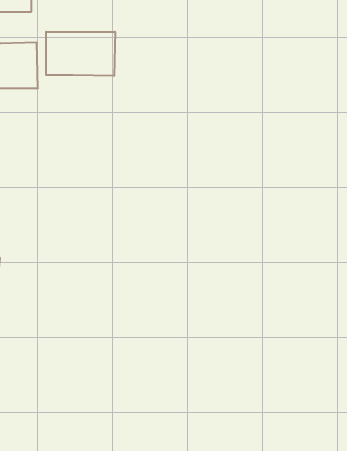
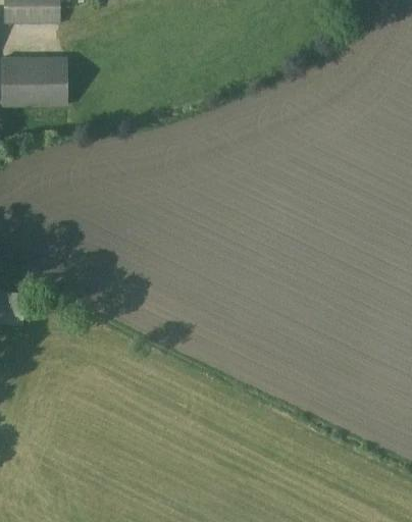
building: [46,32,115,76] -> none

